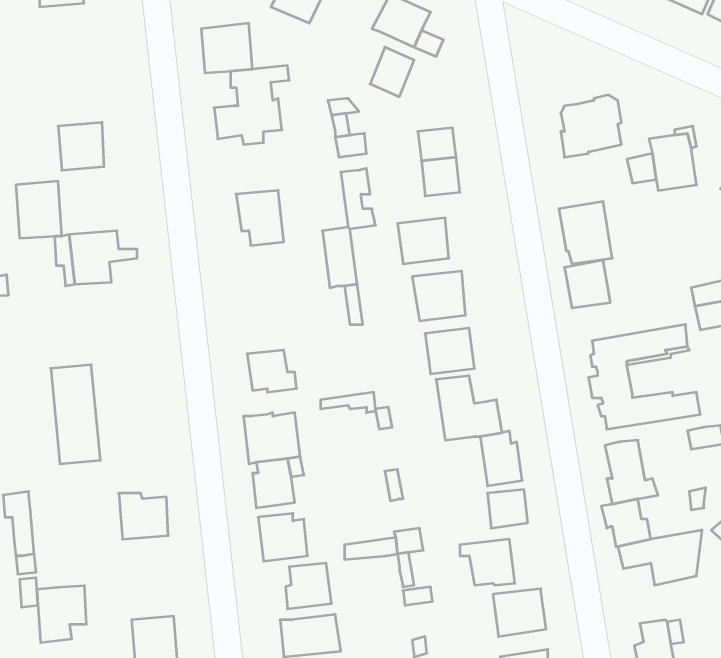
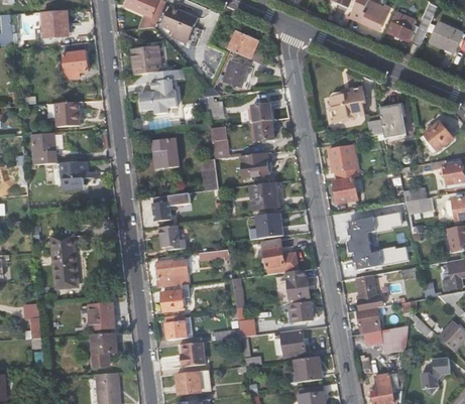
building: none -> [63,42,88,80]
building: none -> [152,192,191,223]
building: [37,586,86,643] -> [90,331,117,363]

